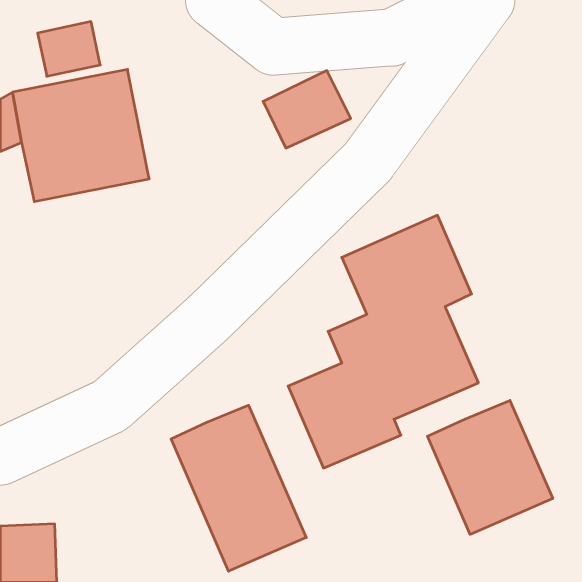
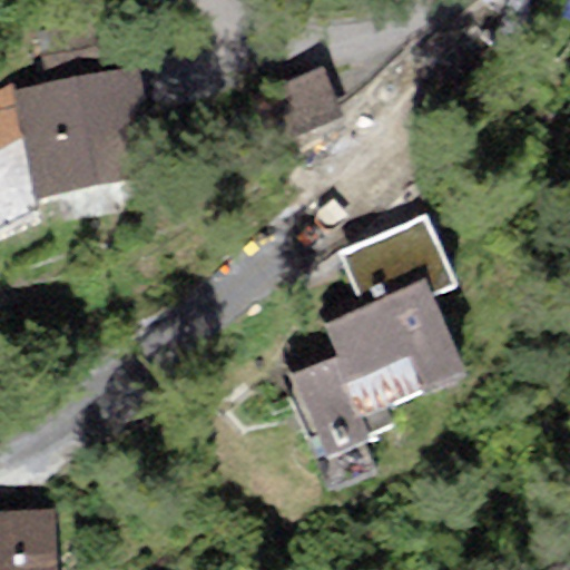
building: [427,400,553,534] -> none
building: [171,405,306,571] -> none

